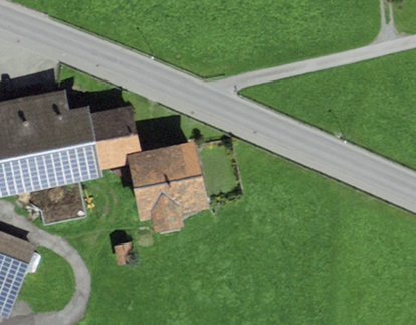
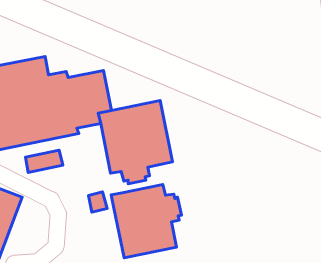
building: none -> [111,184,181,258]

